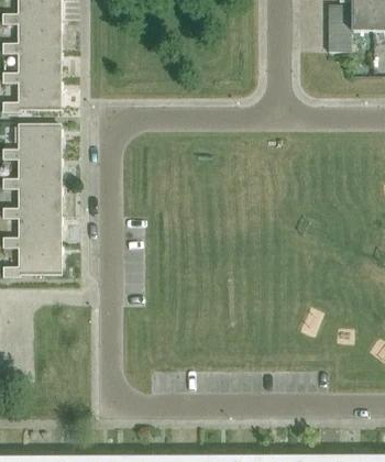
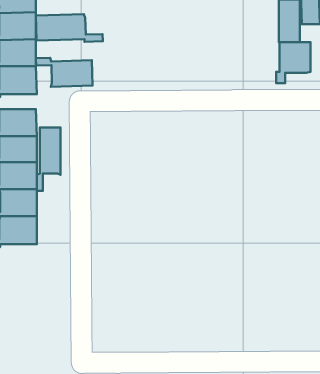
building: none -> [36,14,103,42]
building: none -> [276,42,311,83]
building: none -> [36,58,92,87]
building: none -> [37,128,60,191]

